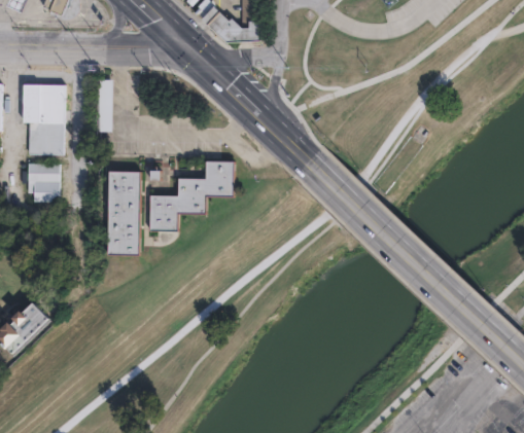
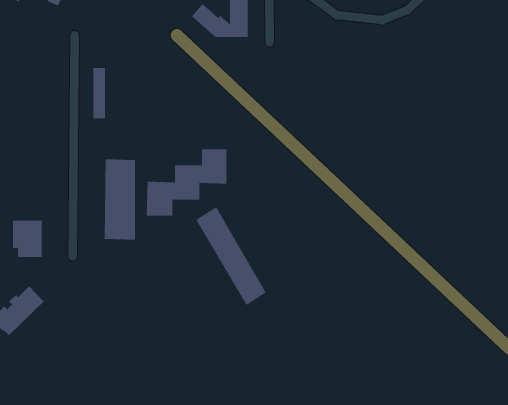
building: [24,83,64,151] -> none
building: [28,161,59,200] -> [12,220,42,257]
building: none -> [195,206,267,306]

